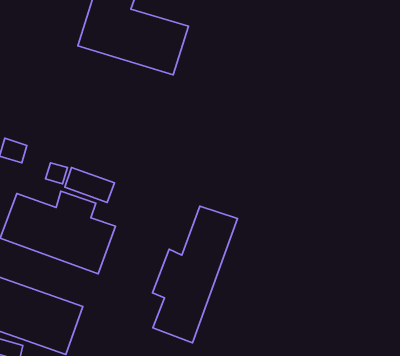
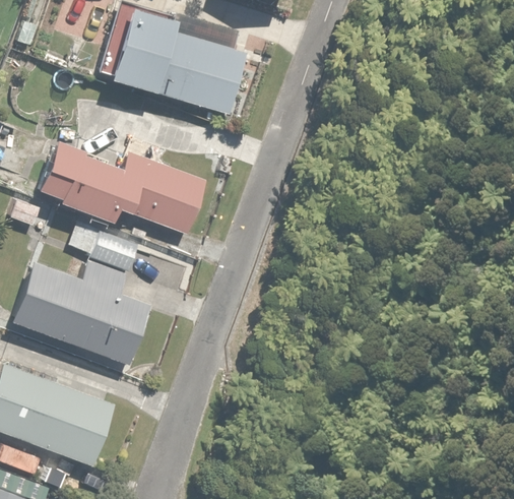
building: none -> [38,142,208,236]
building: [153,206,238,343] -> none

